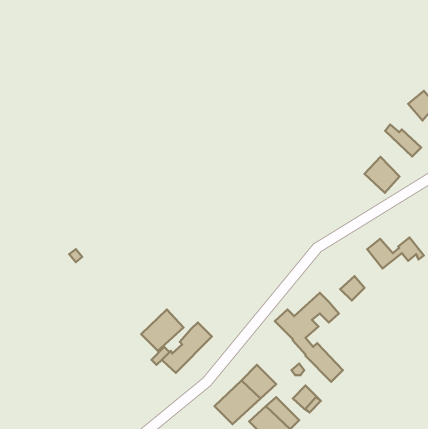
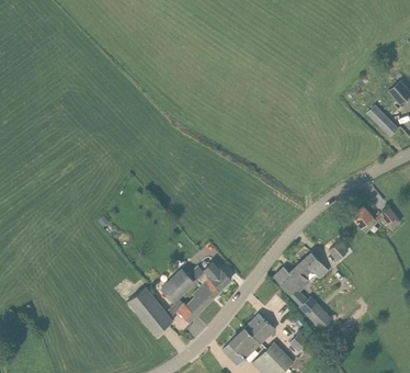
building: [365,157,399,193] -> none
building: none -> [191,260,231,290]
building: none -> [127,286,172,335]

